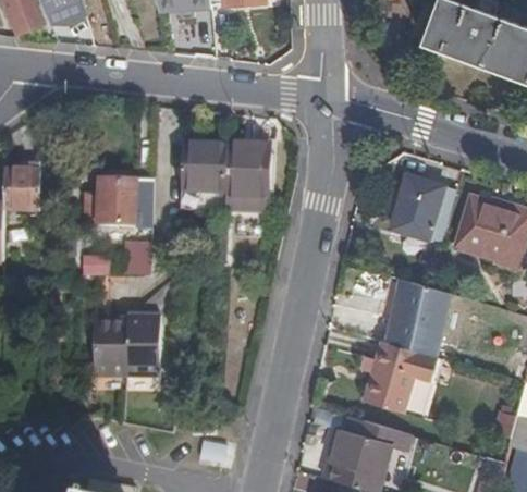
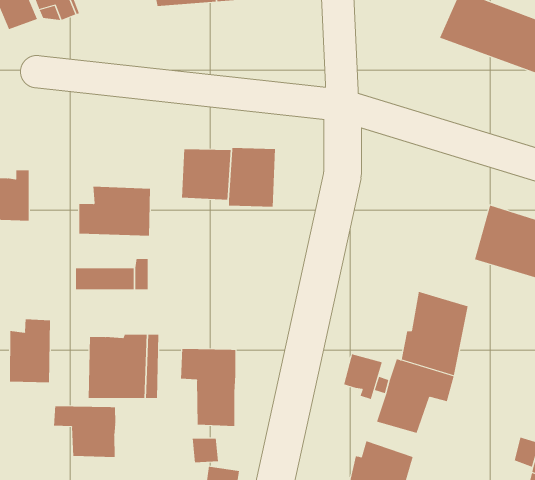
building: [392,180,455,244] -> none
building: none -> [9,319,51,383]
building: none -> [181,348,236,427]
building: none -> [343,353,383,400]
building: none -> [54,405,116,458]

